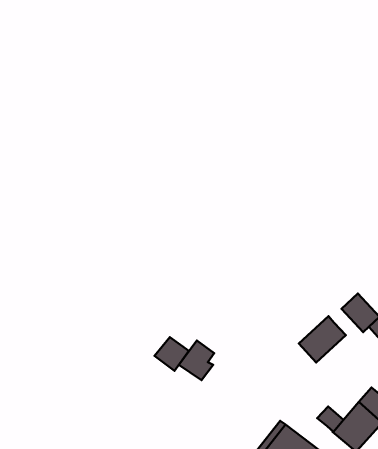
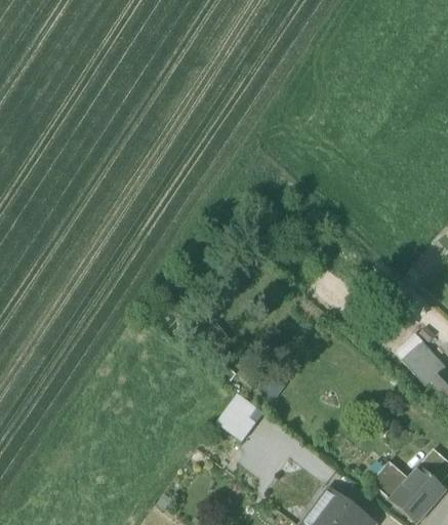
building: [299,316,346,363] -> none
building: [155,337,189,371] -> none

